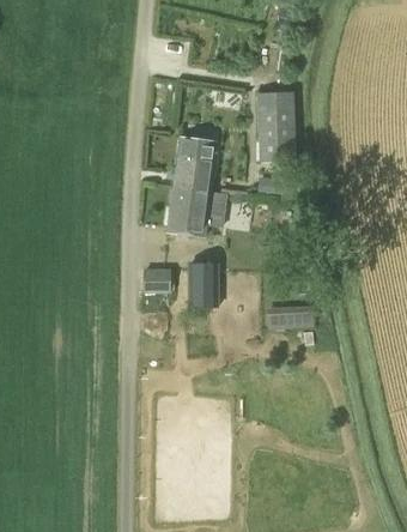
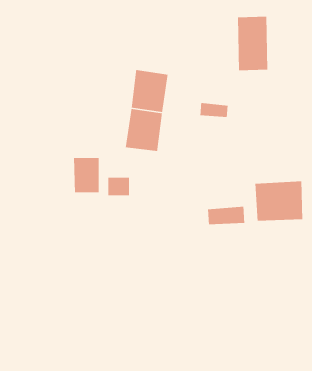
building: [256,92,294,161] -> [237,16,268,71]
building: [186,262,218,307] -> [73,157,99,193]
building: none -> [255,180,303,221]

